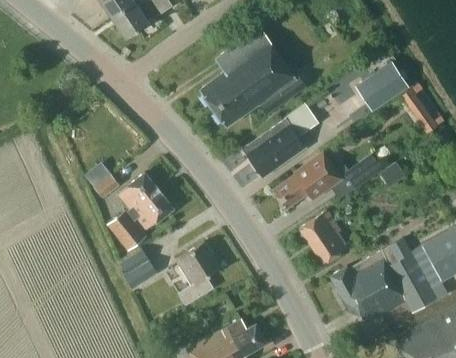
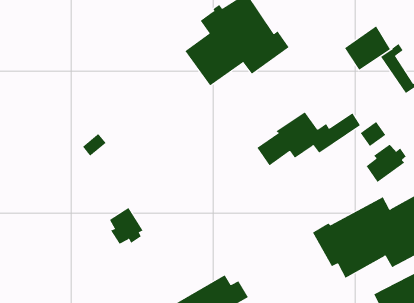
building: [243,103,318,177] -> none
building: [106,173,173,251] -> none
building: none -> [366,144,407,183]
building: [299,210,350,264] -> none
building: [176,242,220,305] -> none

